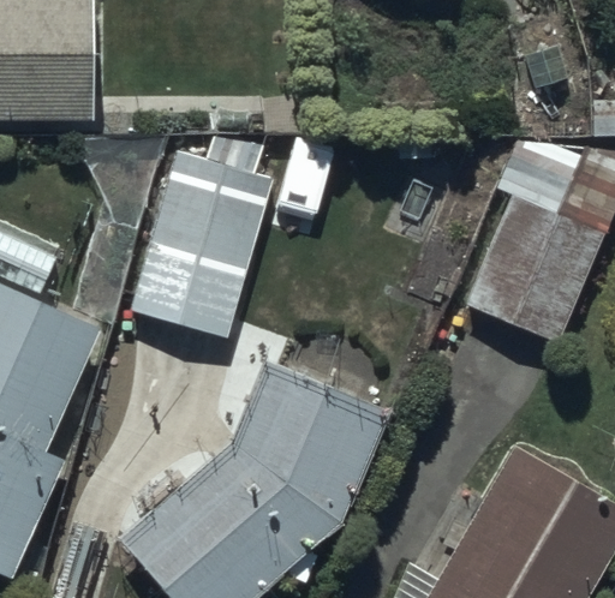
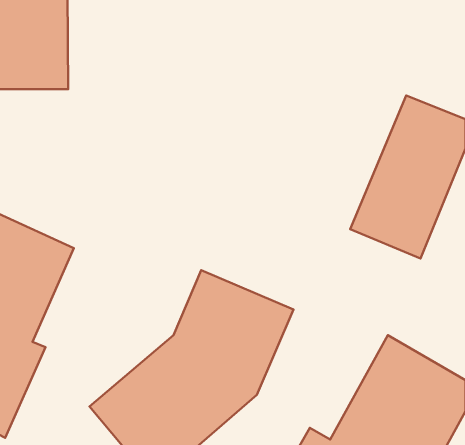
building: [130,140,271,341] -> none

